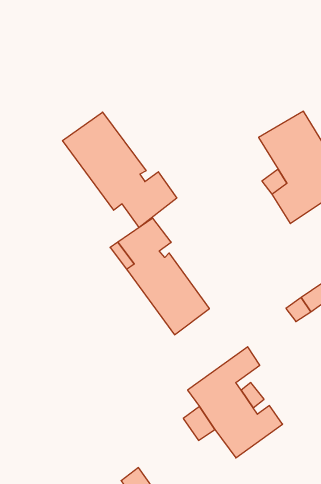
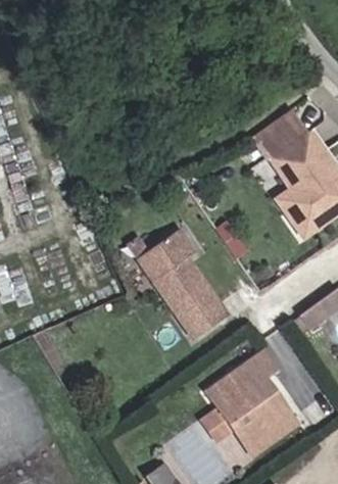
building: none -> [260,106,316,155]
building: [63,112,177,228] -> none

